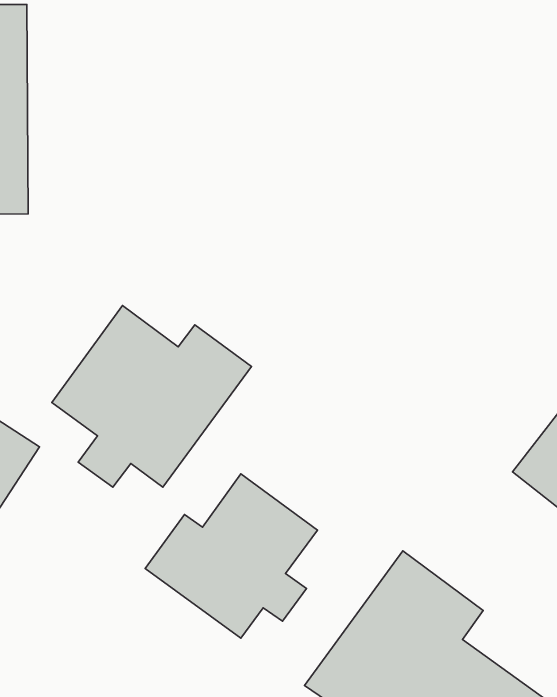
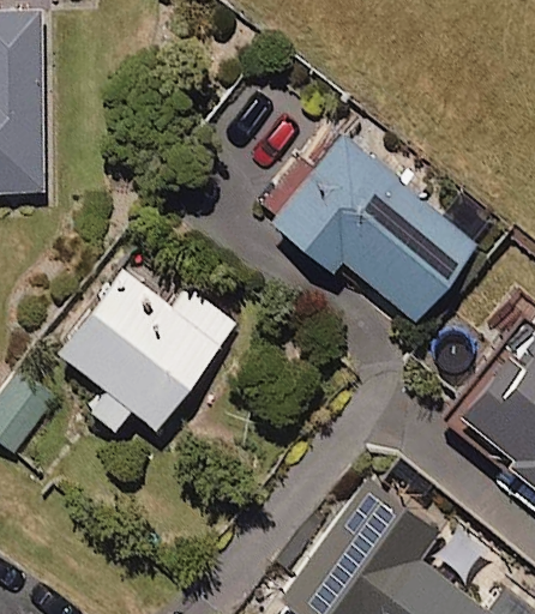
building: none -> [272,134,477,320]
building: [145,474,317,638] -> none

